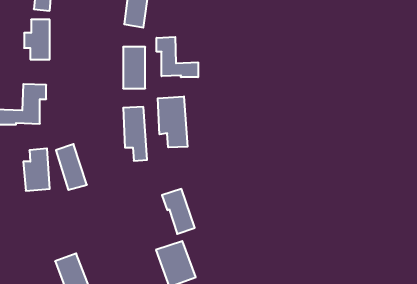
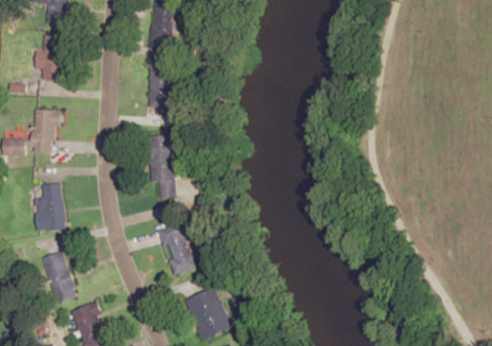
building: [157,37,198,77] -> none
building: [158,96,188,147] -> none
building: [56,144,87,190] -> [42,251,78,304]
building: [162,189,195,234] -> [158,223,195,274]

